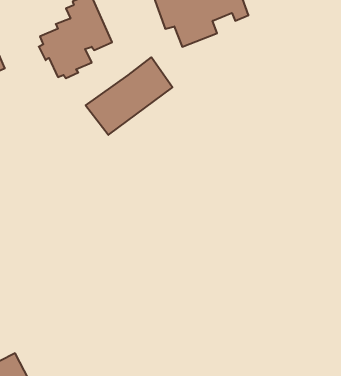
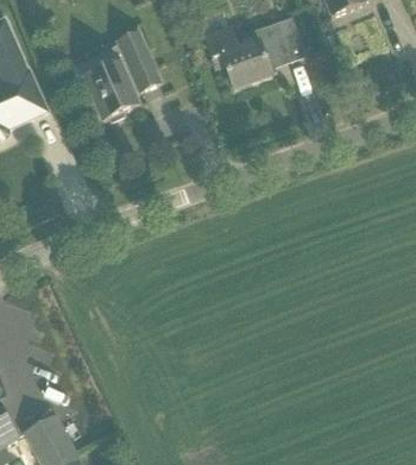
building: [86,57,172,135] -> none

